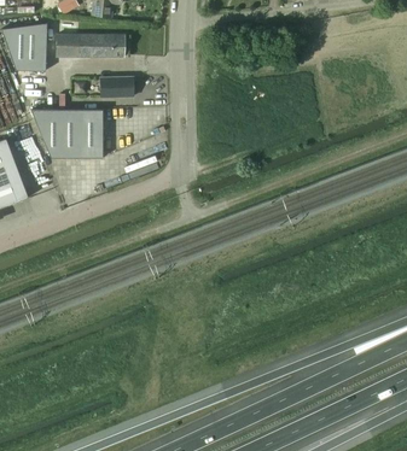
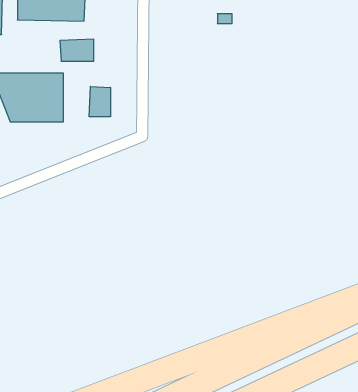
building: none -> [89,86,110,117]

